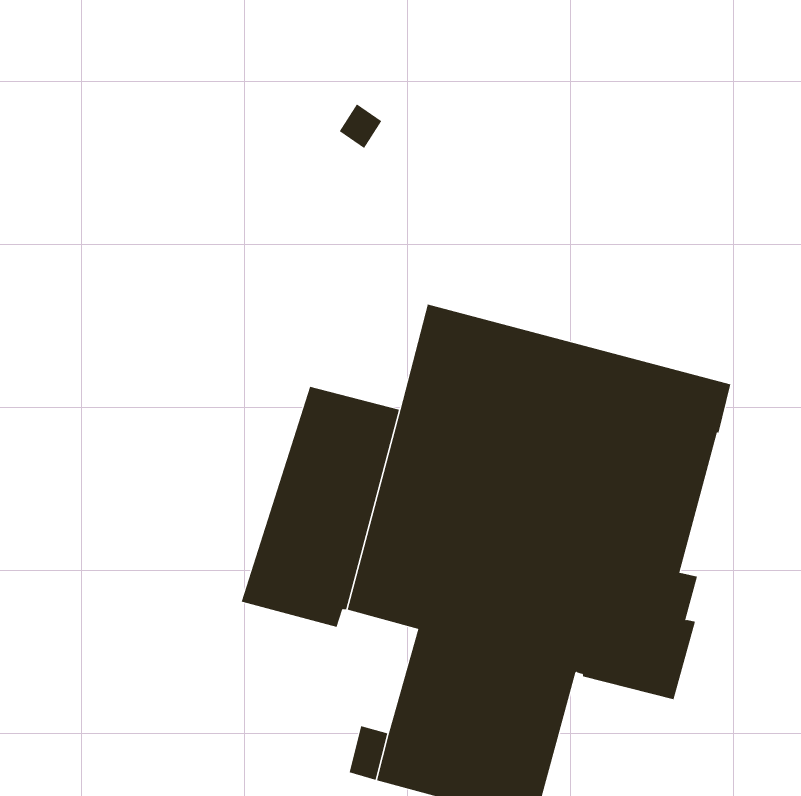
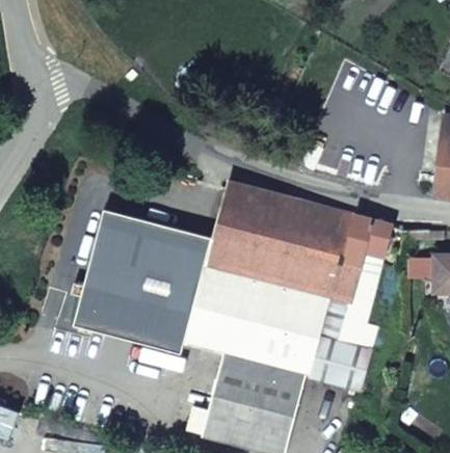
building: none -> [76,209,168,340]

